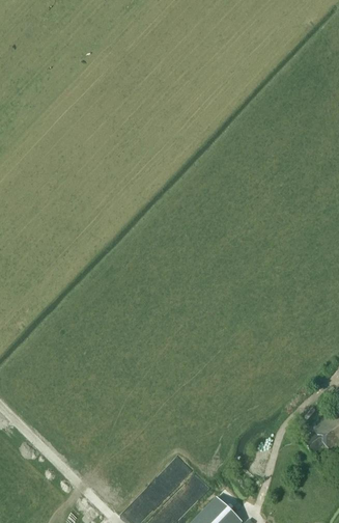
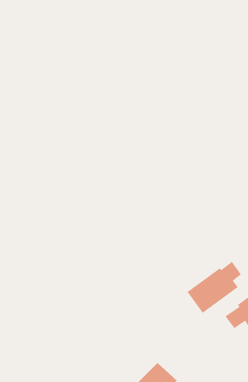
building: none -> [186,261,242,314]

